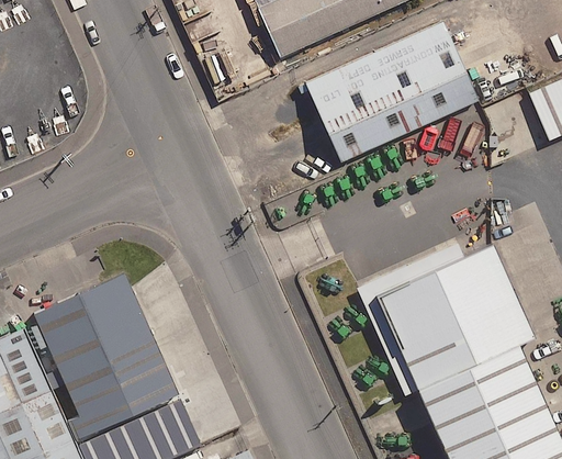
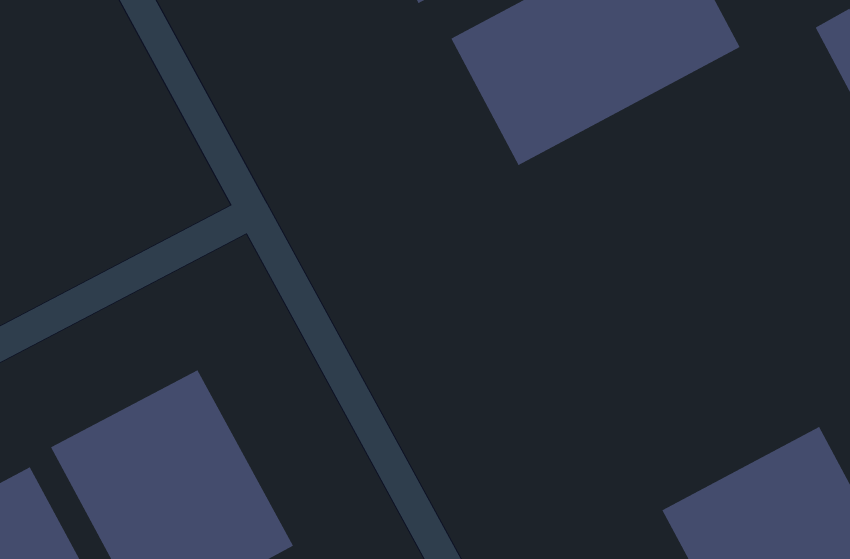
building: [375,242,530,380] -> none

